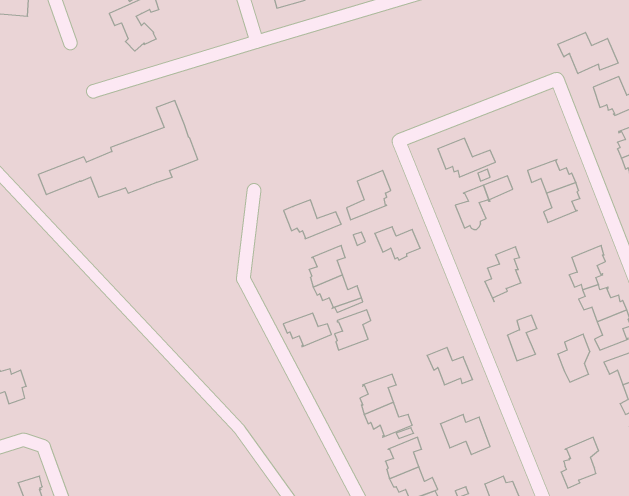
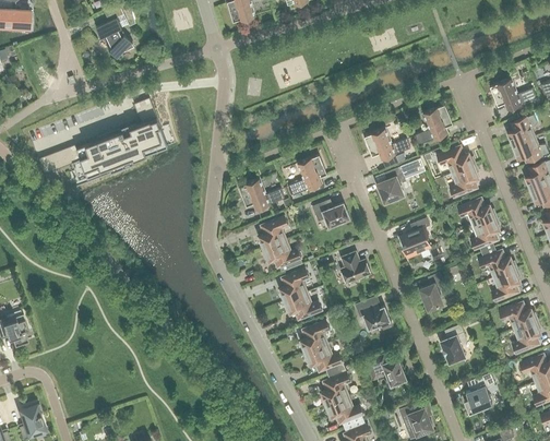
building: [558,32,618,74] -> none
building: none -> [415,104,451,144]
building: none -> [457,198,497,225]
building: none -> [340,251,371,283]
building: [283,313,331,347] -> [283,291,322,319]
building: [558,334,590,382] -> [440,323,466,362]

